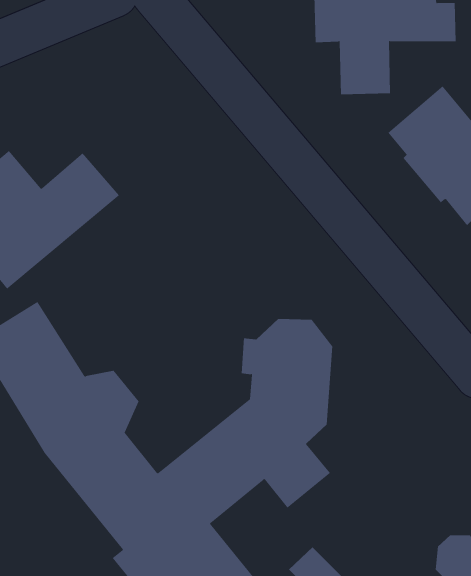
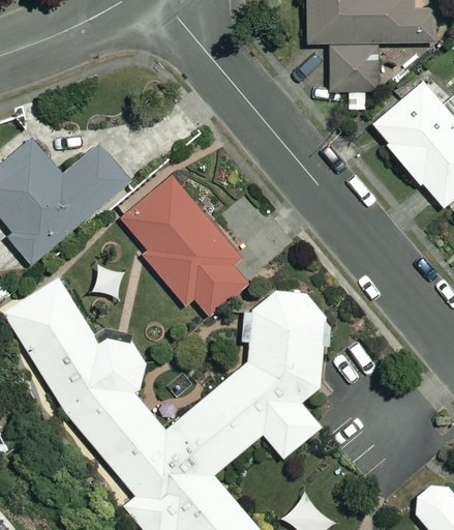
building: none -> [112,173,255,317]

